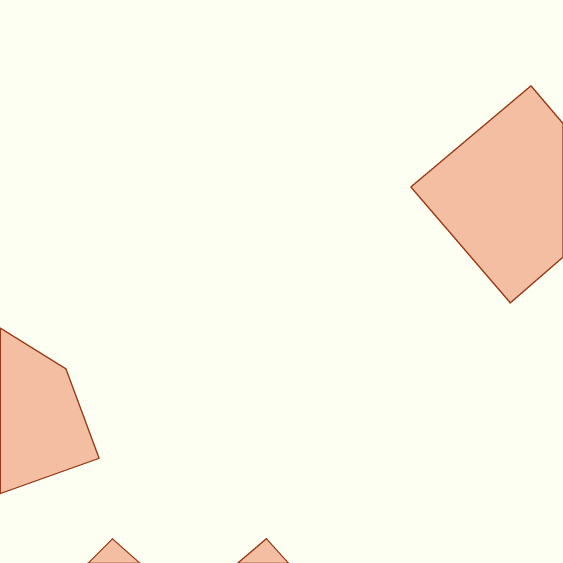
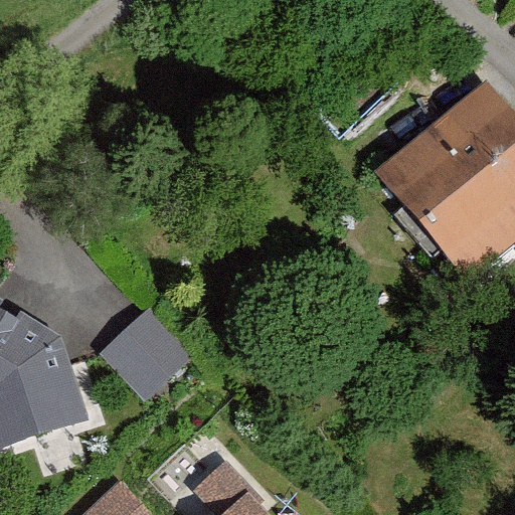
building: none -> [102,309,189,397]

